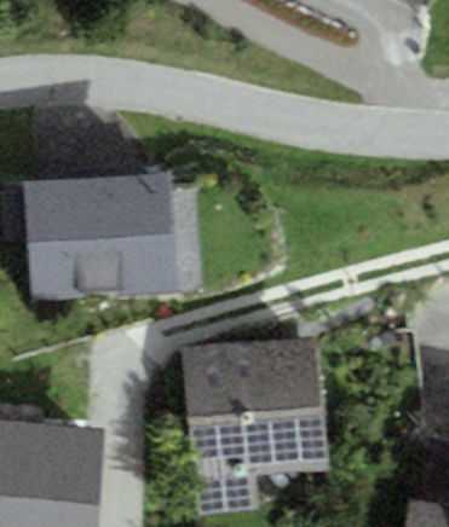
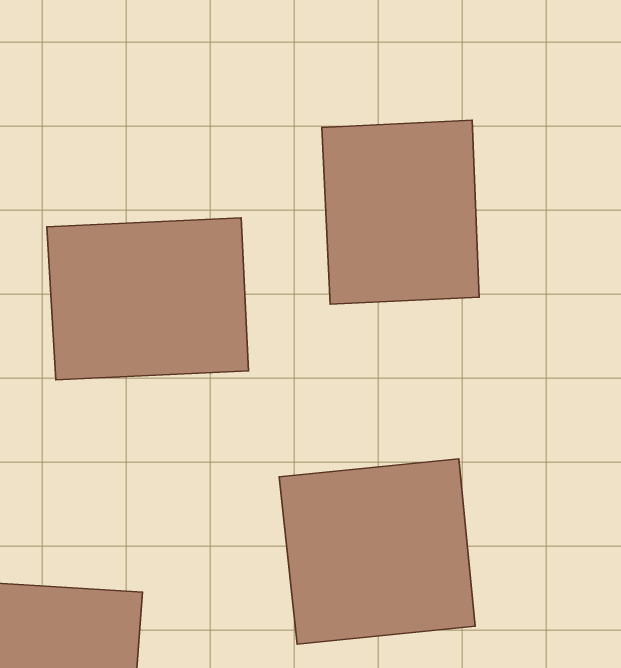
building: none -> [322,120,479,304]

